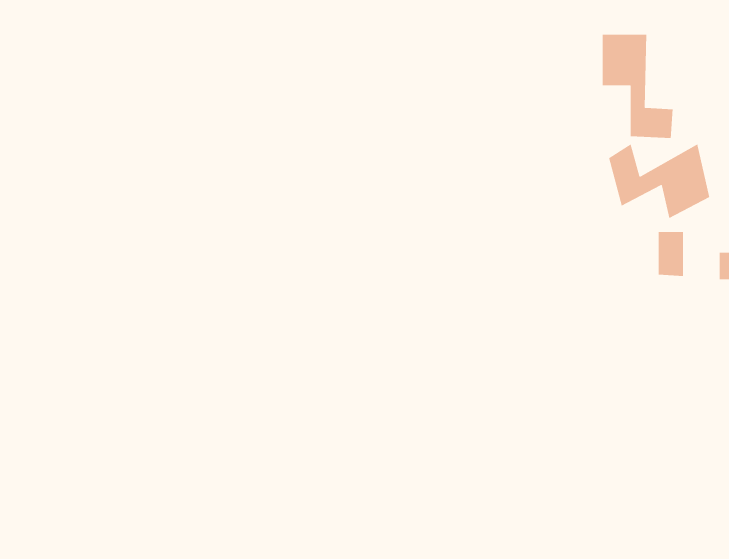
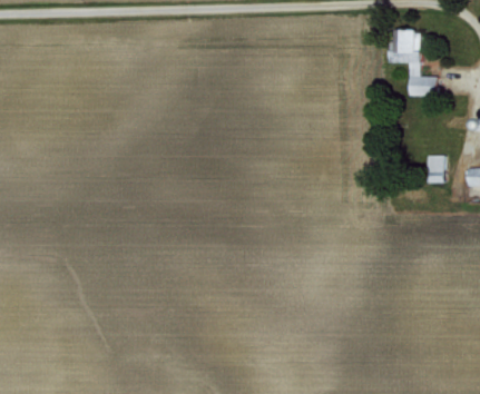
building: [608,143,710,219] -> none

